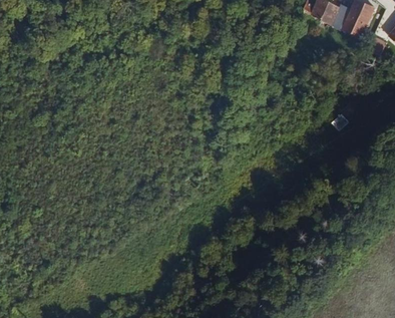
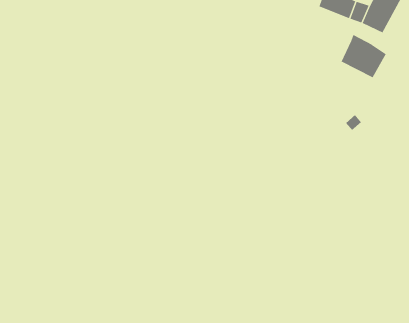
building: none -> [341,34,387,78]

